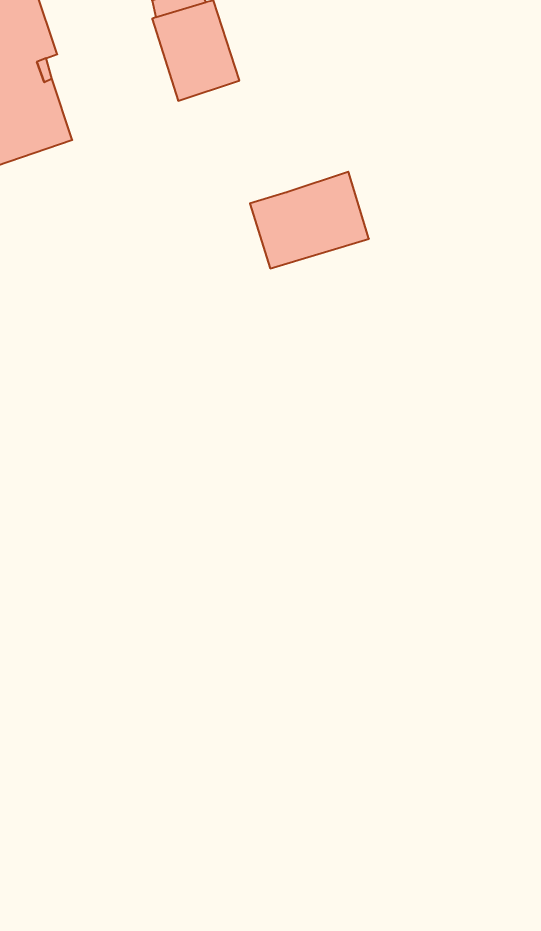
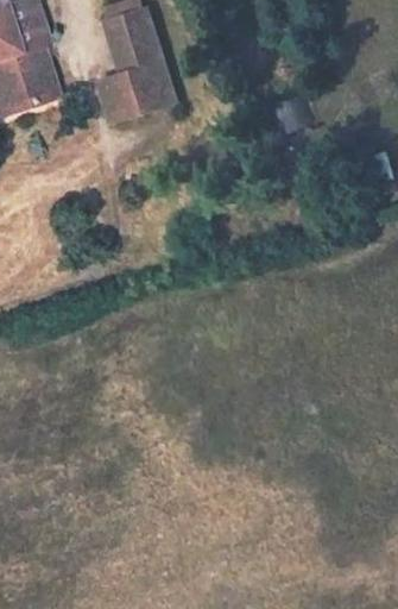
building: [250,172,369,268] -> [100,58,176,120]

